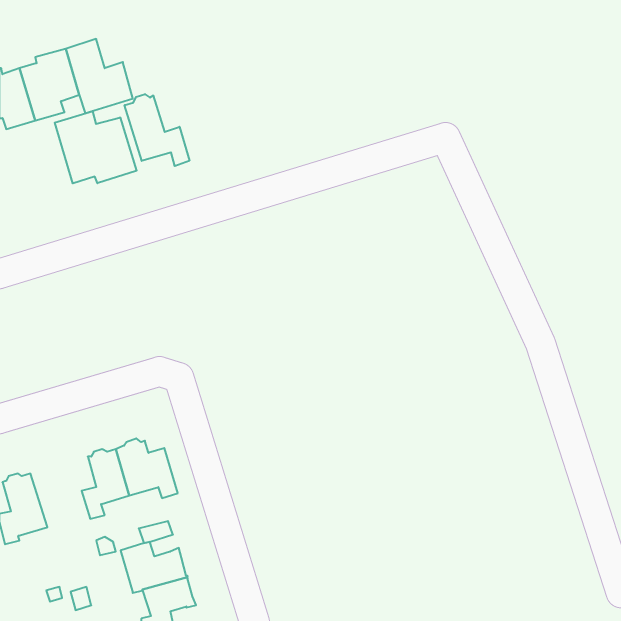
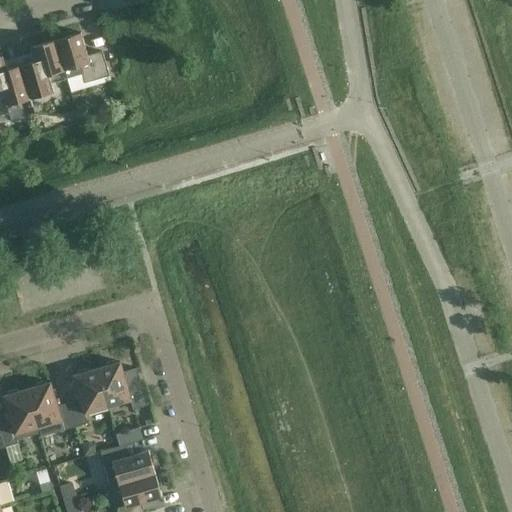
building: [125,94,189,166] -> none
building: [55,111,137,183] -> none
building: none -> [25,382,74,431]

